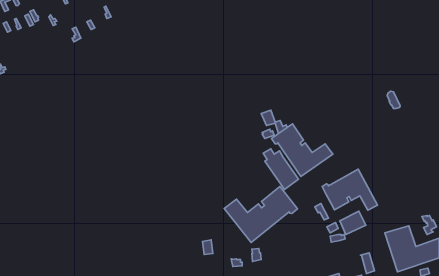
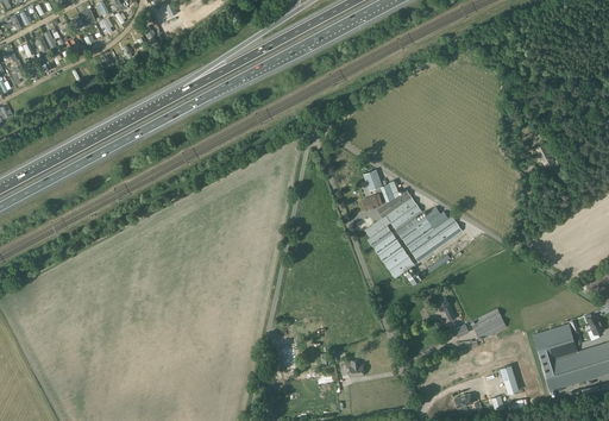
building: [322,169,377,210] -> none
building: [224,187,297,242] -> none

